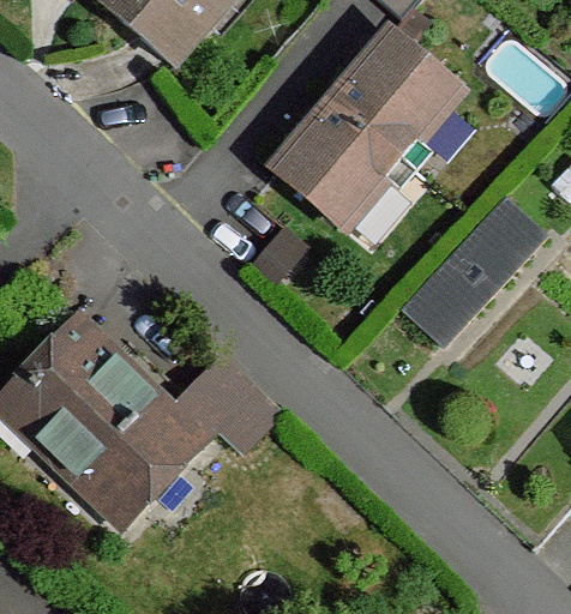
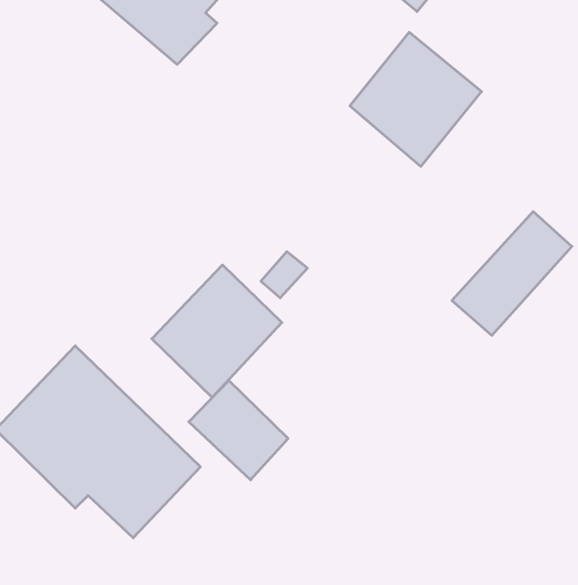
building: [275,103,399,227] -> none
building: none -> [152,265,282,398]

